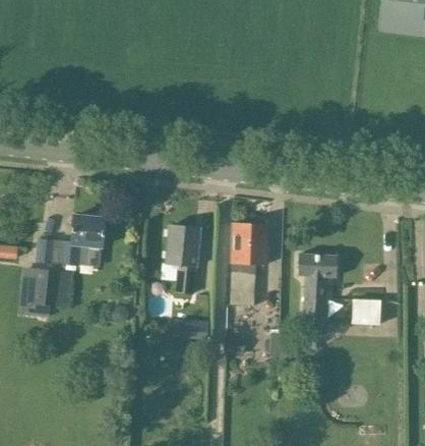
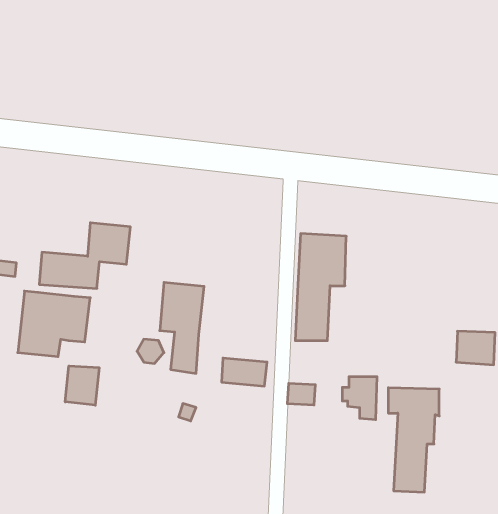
building: [167,226,200,295] -> [160,282,204,373]
building: [298,256,337,335] -> [388,388,439,492]
building: none -> [65,366,99,405]

